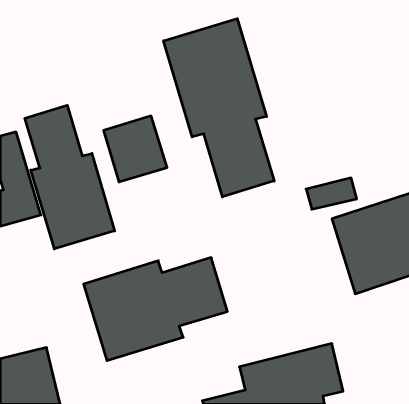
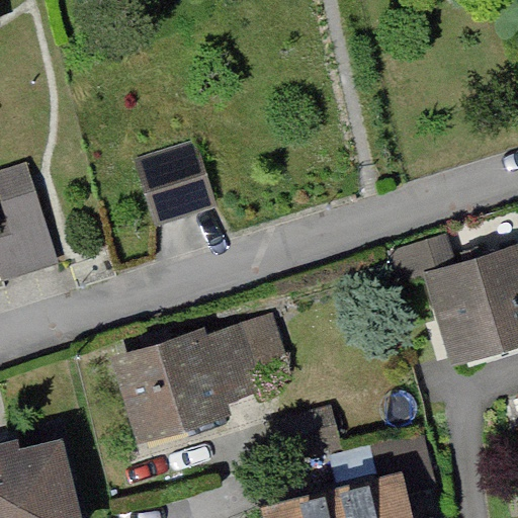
building: [164,19,274,197] -> none
building: [25,105,115,249] -> none

